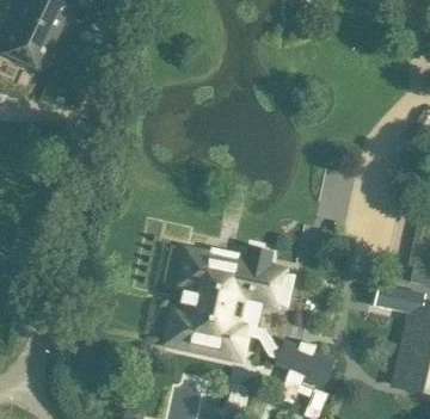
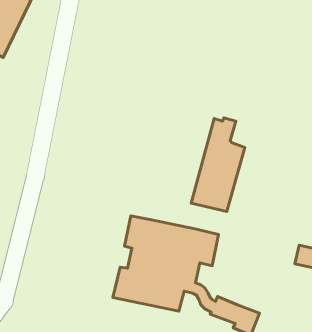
building: none -> [191,118,245,212]

